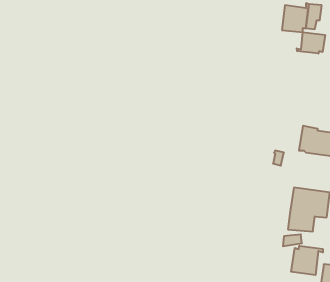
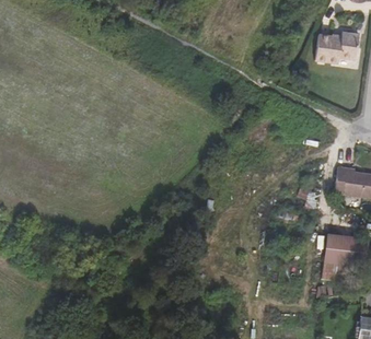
building: [297,32,325,54] -> none
building: [291,246,323,275] -> none

